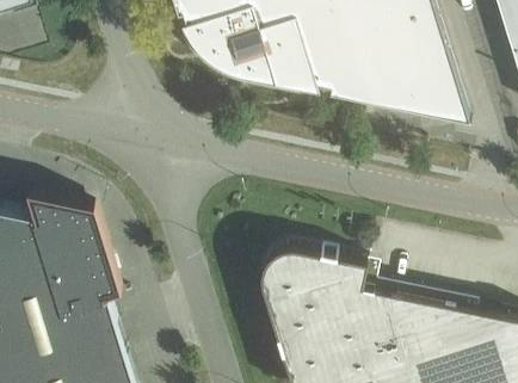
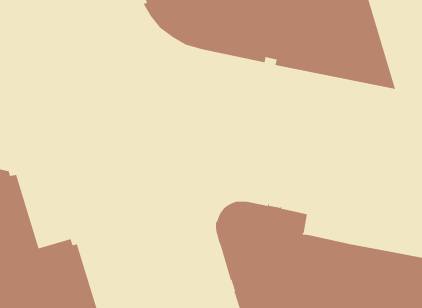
building: [33,193,115,298] -> none

